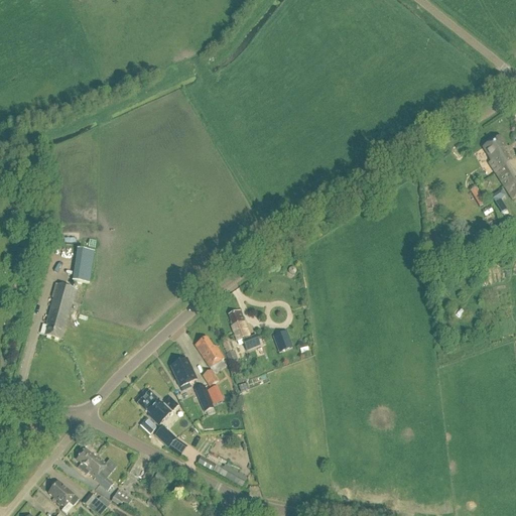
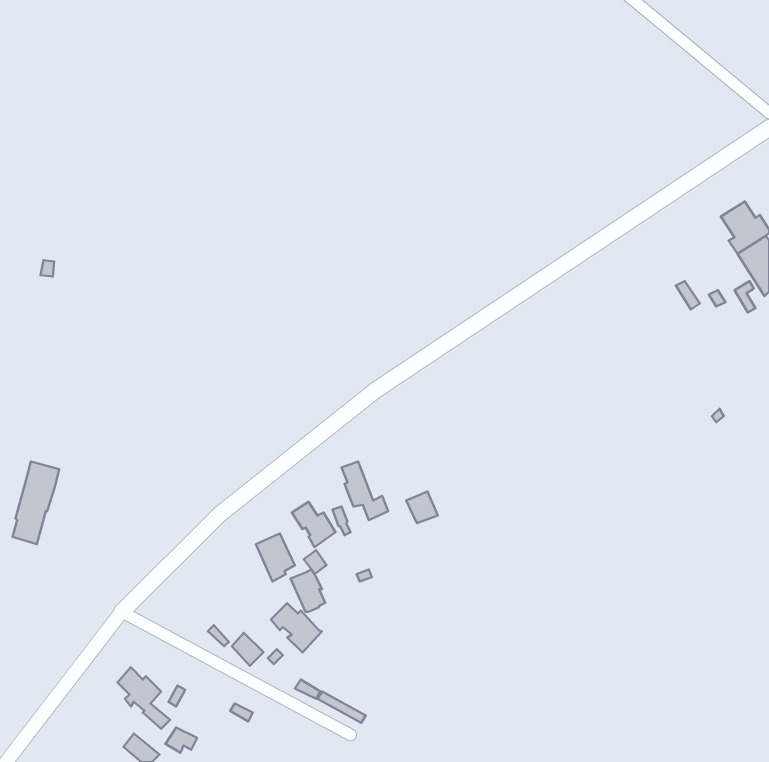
building: [72,247,95,281] -> none
building: [44,283,76,339] -> [13,462,59,544]
building: [138,390,172,423] -> [271,603,322,653]
building: [48,481,79,505] -> none

